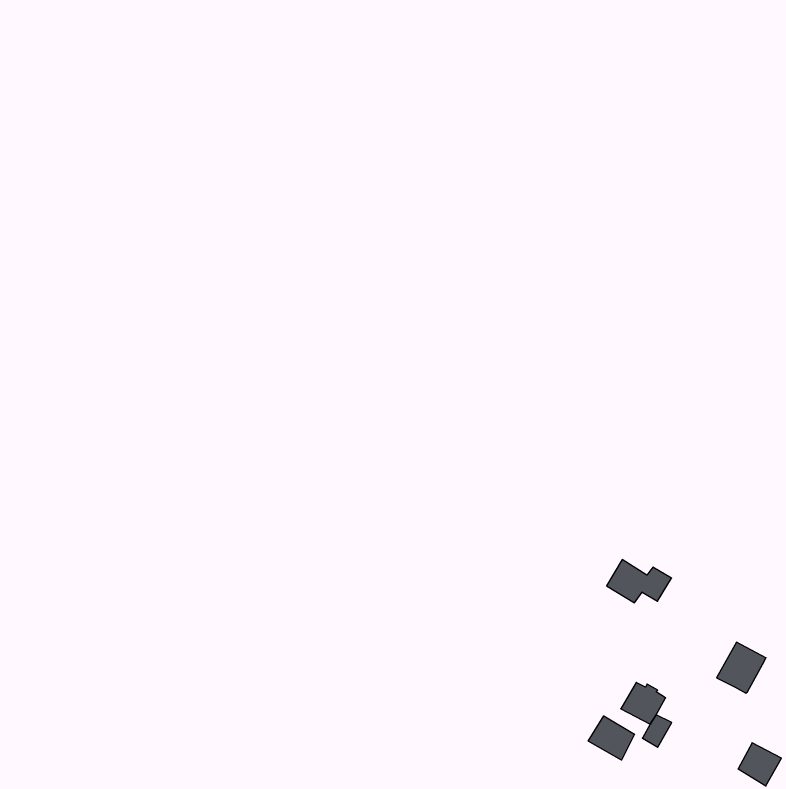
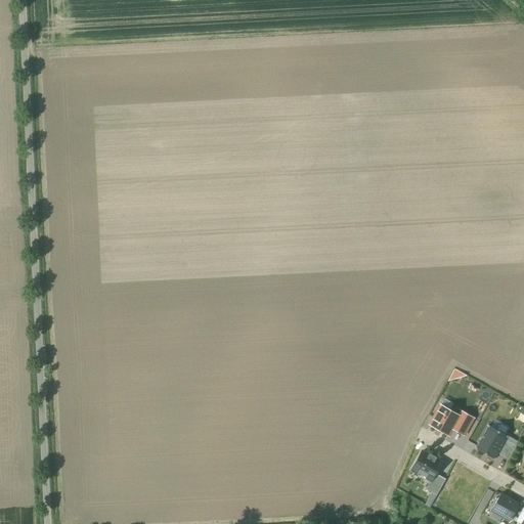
building: [607,560,672,603] -> [431,405,474,434]
building: [588,716,634,760] -> none

